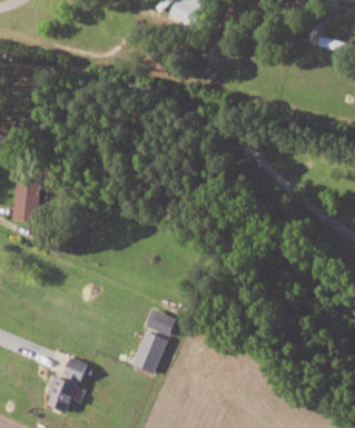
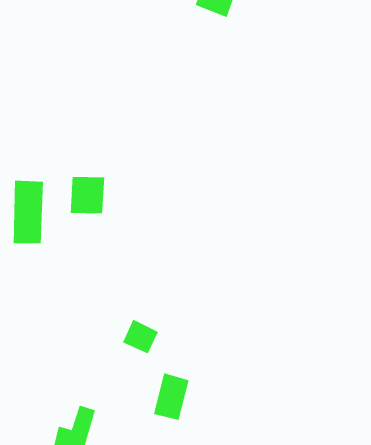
building: none -> [70,176,105,214]
building: [145,309,176,339] -> [122,319,159,354]

